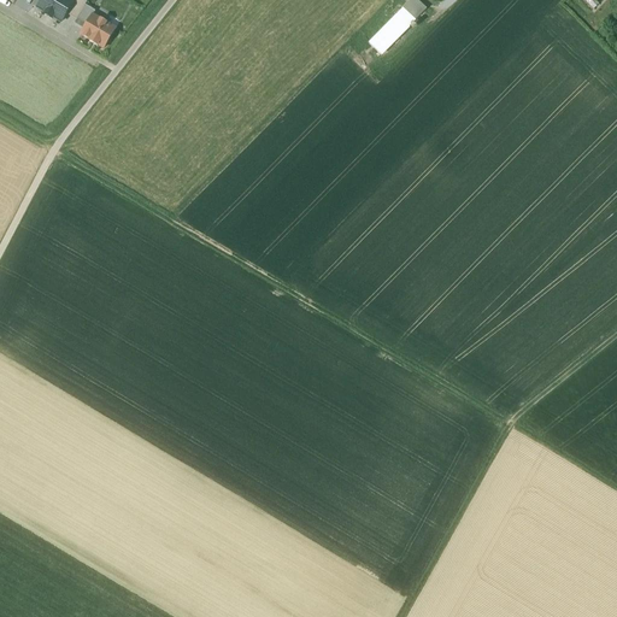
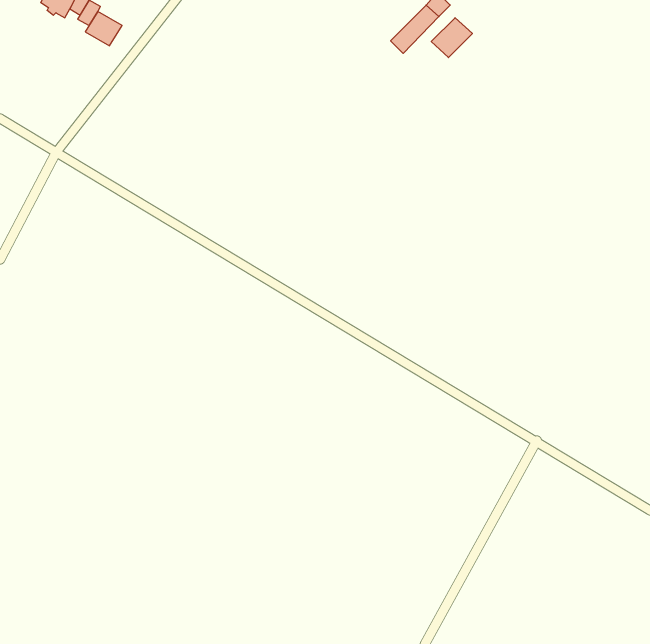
building: none -> [431,18,472,58]

